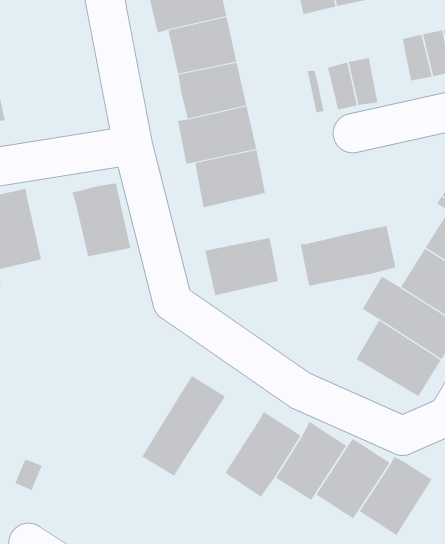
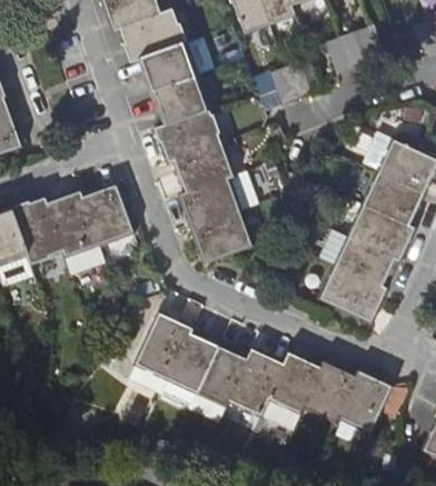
building: none -> [46,191,103,272]
building: [300,225,396,286] -> [179,173,257,229]
building: none -> [135,313,192,381]
building: none -> [196,341,250,408]

